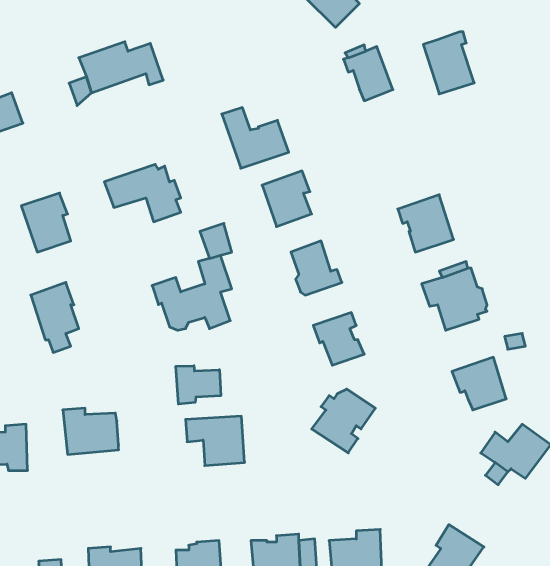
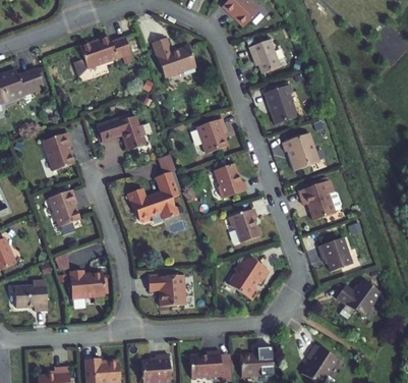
building: [423,32,474,94] -> [265,85,297,124]
building: [222,108,289,168] -> [153,38,195,76]
building: [176,366,221,404] -> none

